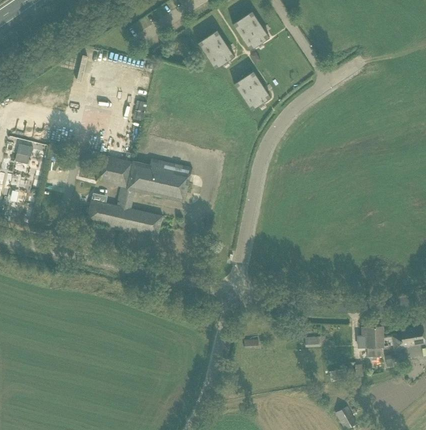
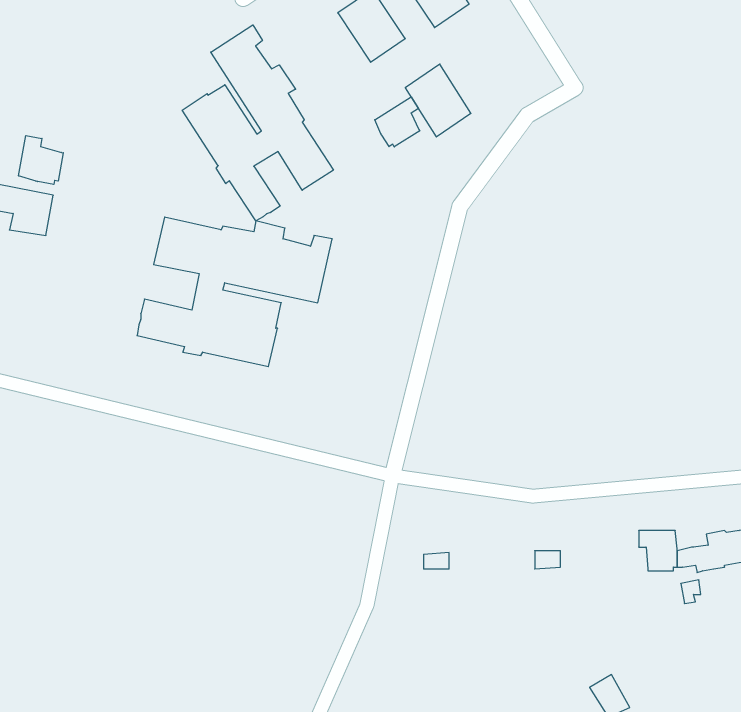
building: none -> [182,25,333,221]
building: none -> [375,97,420,147]
building: none -> [19,136,63,184]

